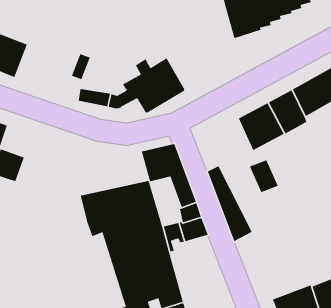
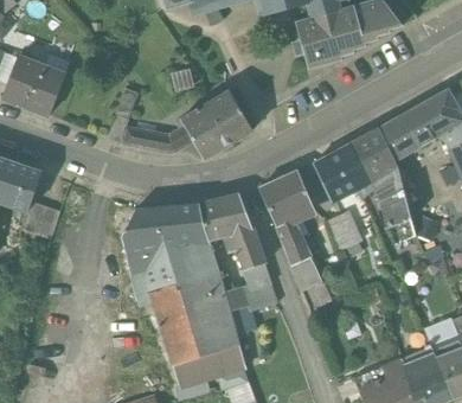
building: none -> [370,167,416,243]
building: none -> [258,169,312,225]
building: none -> [122,202,207,254]

